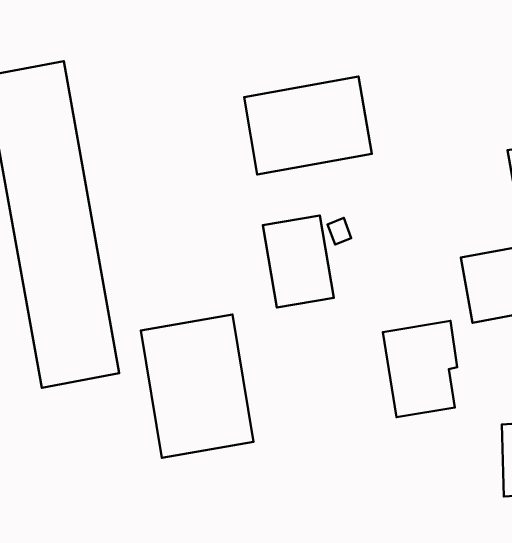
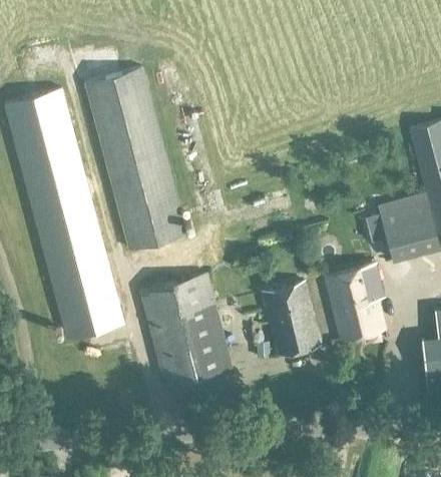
building: none -> [84,68,187,252]
building: [244,77,372,175] -> none
building: [263,216,334,307] -> [263,283,322,356]

